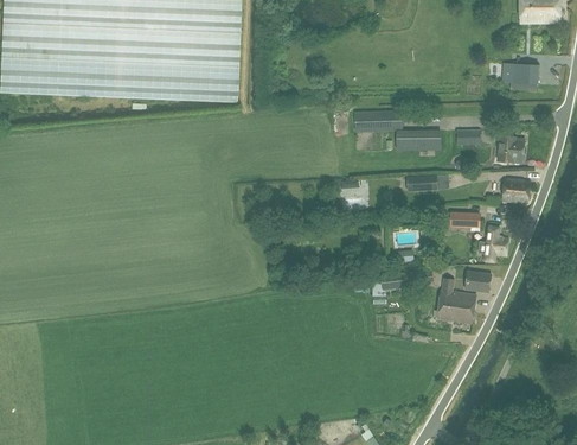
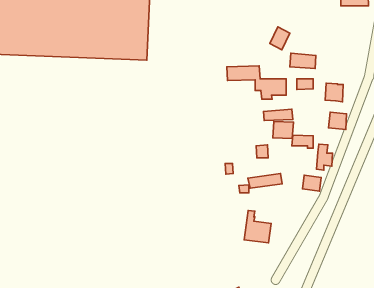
building: none -> [270,27,290,50]
building: [501,63,539,85] -> [290,53,316,69]
building: none -> [273,121,293,139]
building: [436,275,475,323] -> [244,210,271,243]

